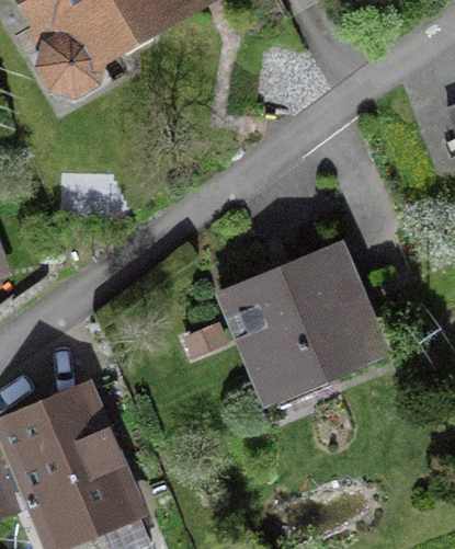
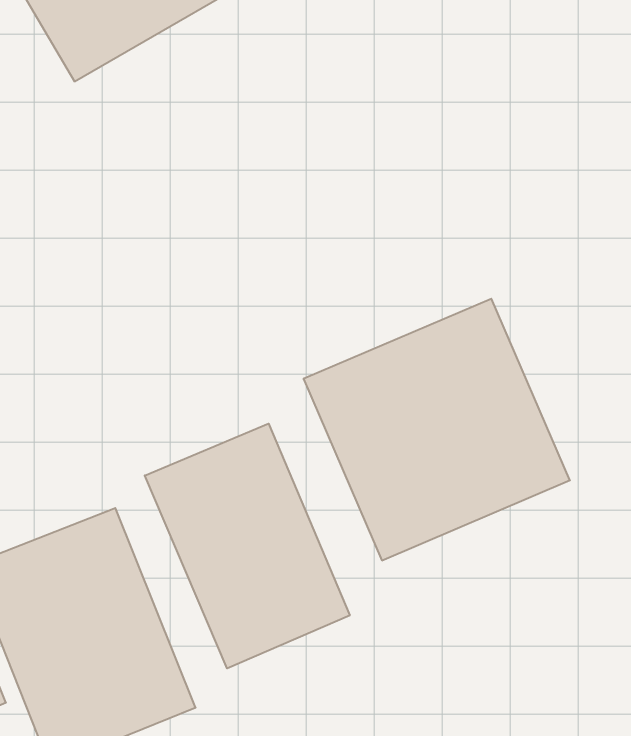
building: none -> [145,424,350,668]

